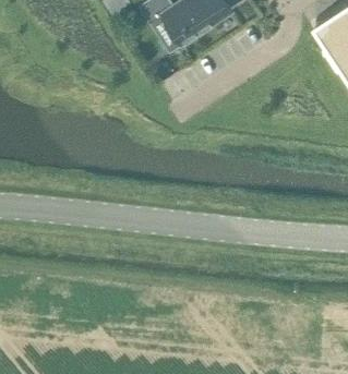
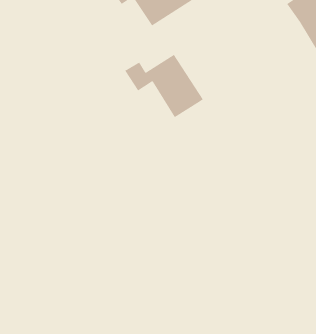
building: none -> [124,54,204,118]

